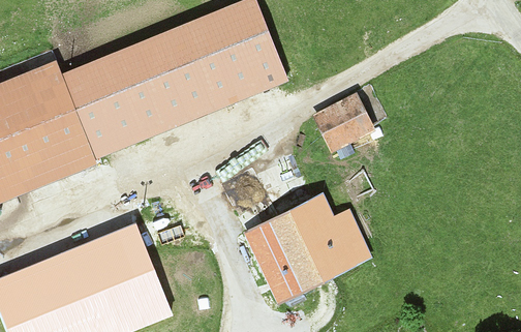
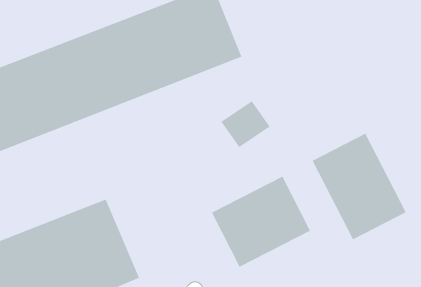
building: [315,94,369,145] -> [220,101,271,148]
building: none -> [312,133,406,240]

